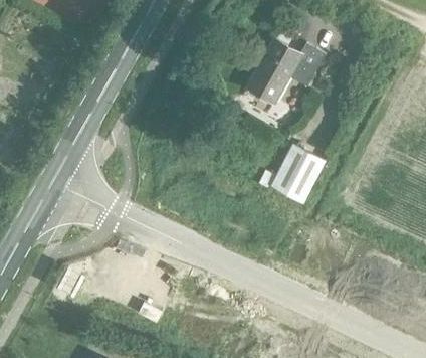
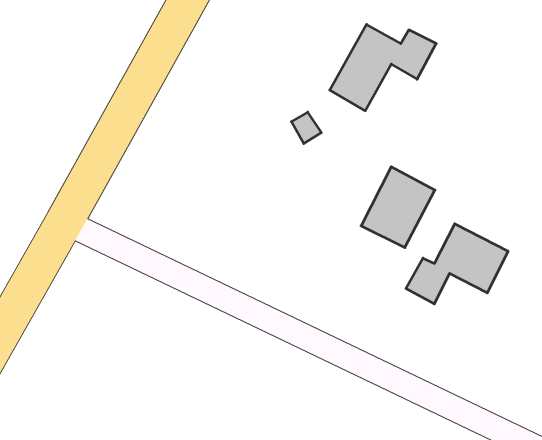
building: none -> [406,224,508,304]

